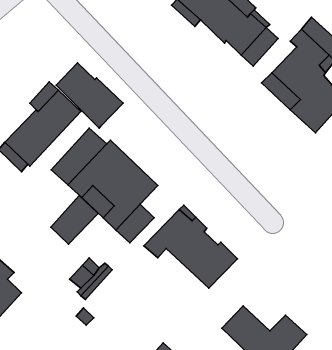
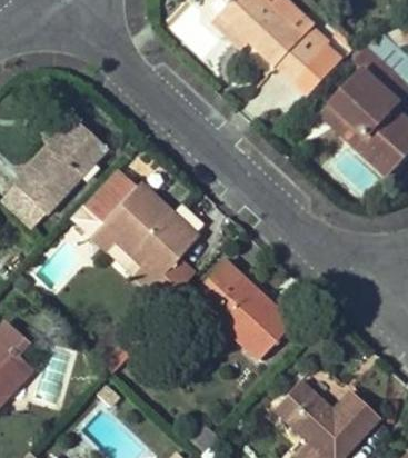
building: [56,63,123,128] -> none
building: [51,195,98,244] -> none

